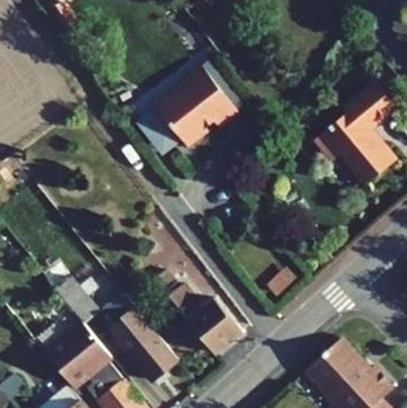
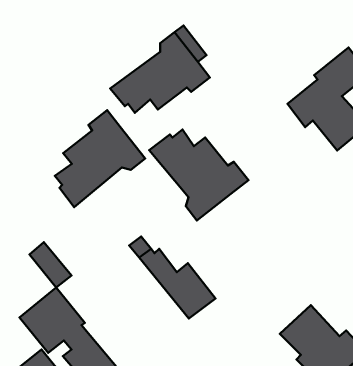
building: none -> [55,110,145,207]
building: none -> [149,130,248,220]
building: [102,293,178,382] -> none

